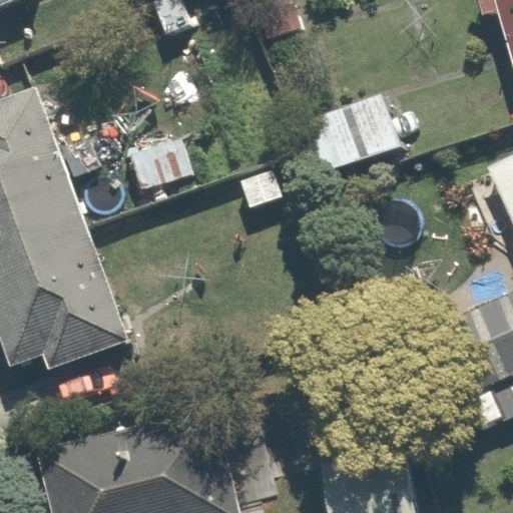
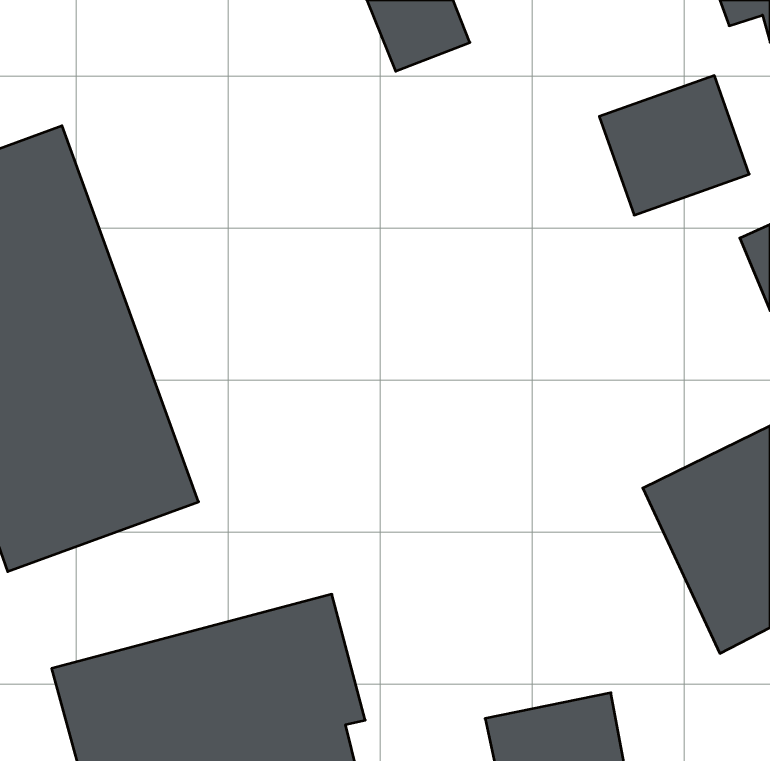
building: [305,88,404,180] -> [599,76,749,215]

